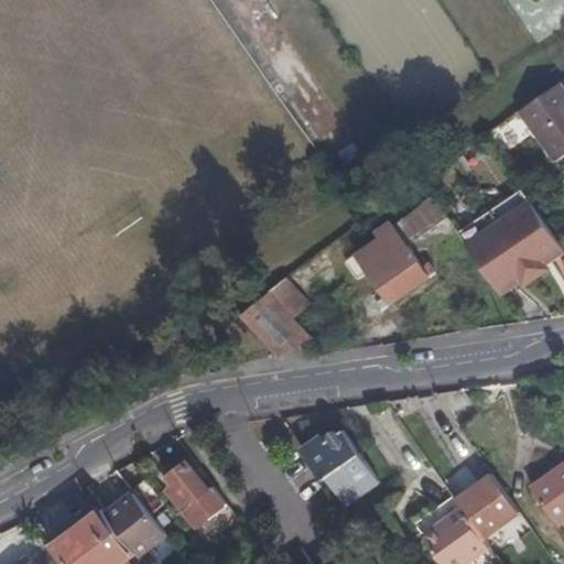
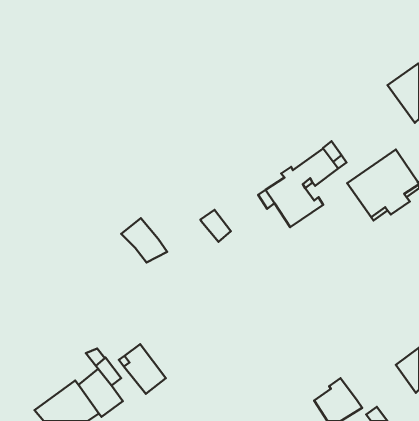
building: [242,295,304,355] -> [121,218,167,263]
building: [299,430,376,495] -> none
building: [451,469,516,534] -> none

